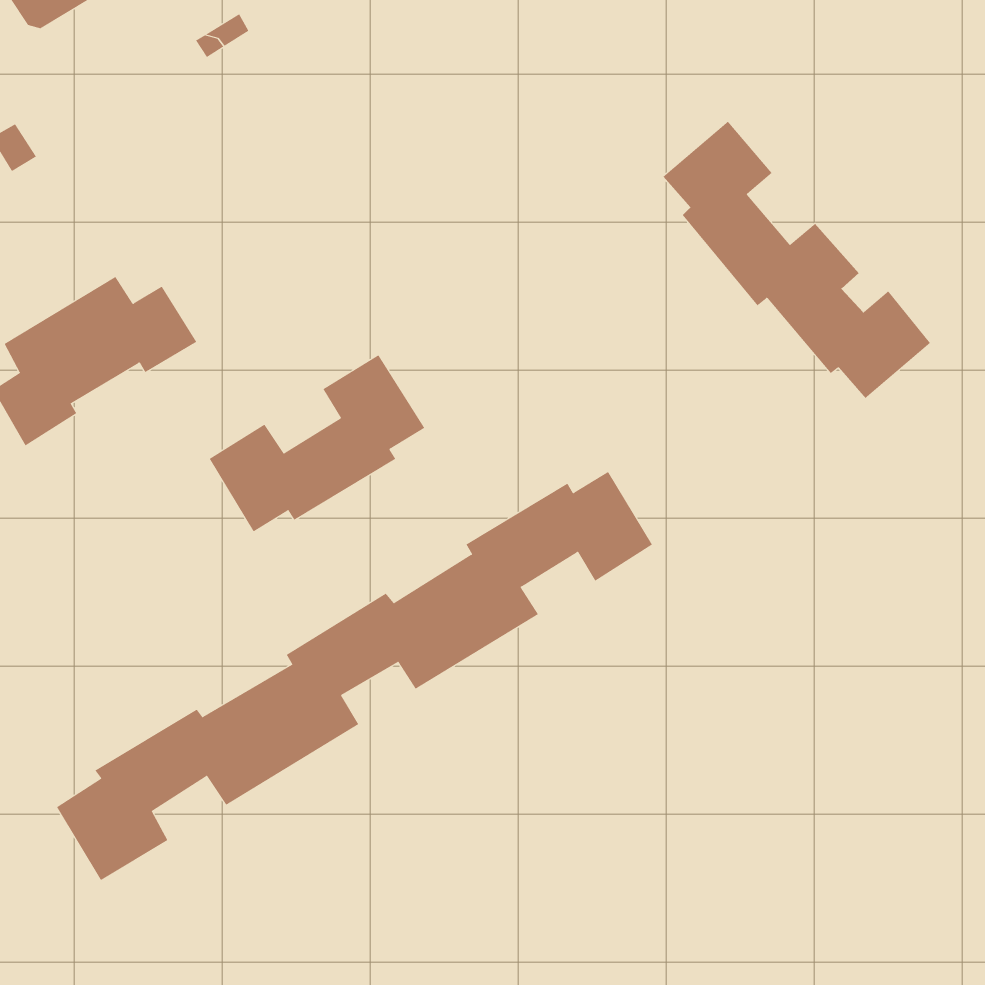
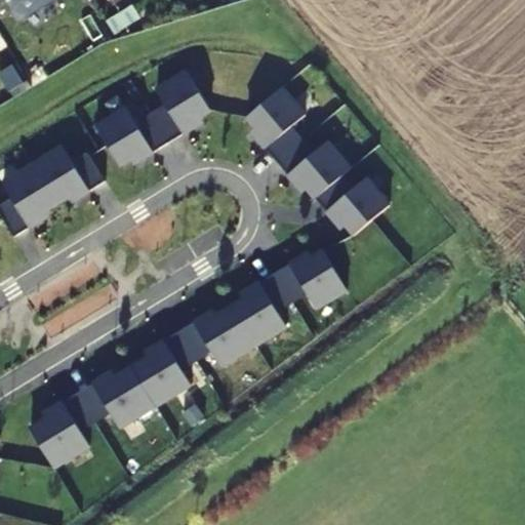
building: [663,121,931,399] -> [246,87,389,235]
building: [209,354,425,532] -> [95,71,210,165]

